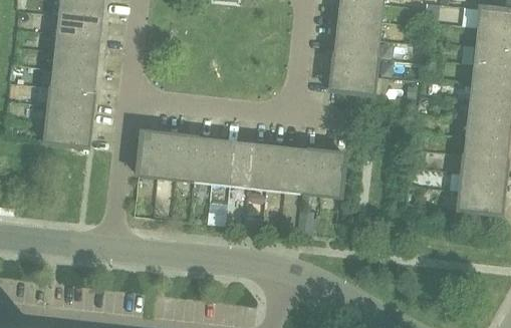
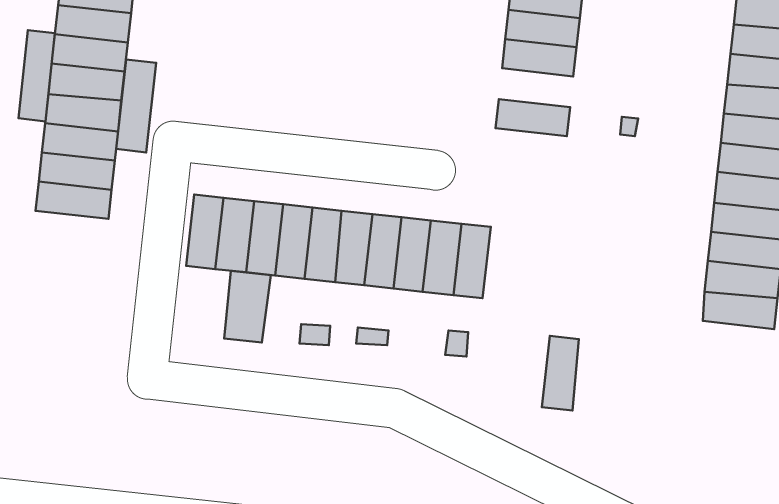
building: none -> [19,30,55,121]
building: none -> [116,59,156,152]
building: [331,52,377,76] -> none
building: [321,150,344,197] -> [542,336,579,410]
building: none -> [224,271,271,343]

